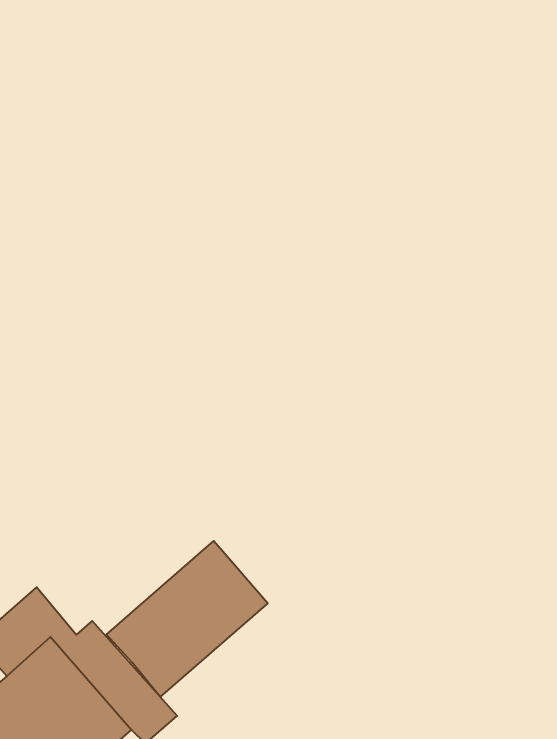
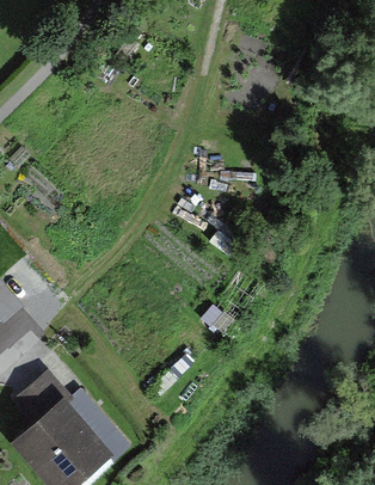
building: [106,541,268,697] -> none

